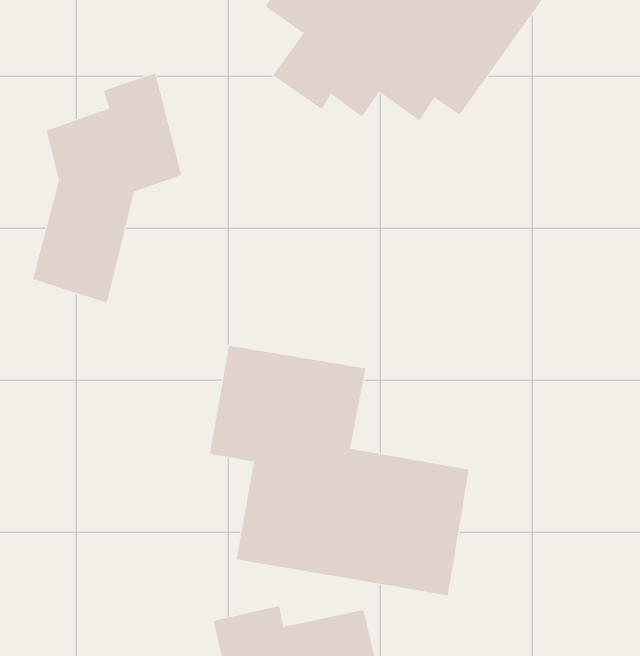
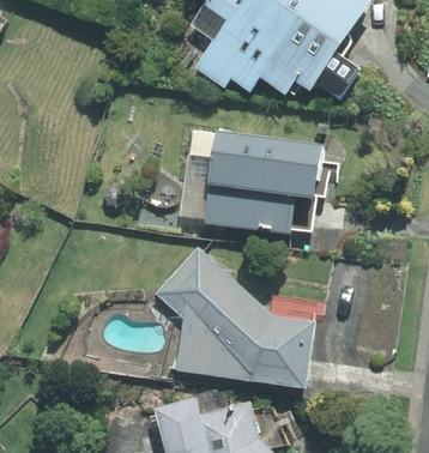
building: [33,73,182,304] -> none
building: none -> [177,132,326,232]

